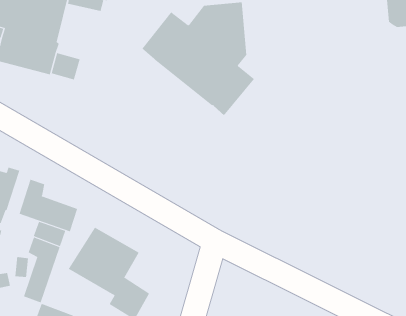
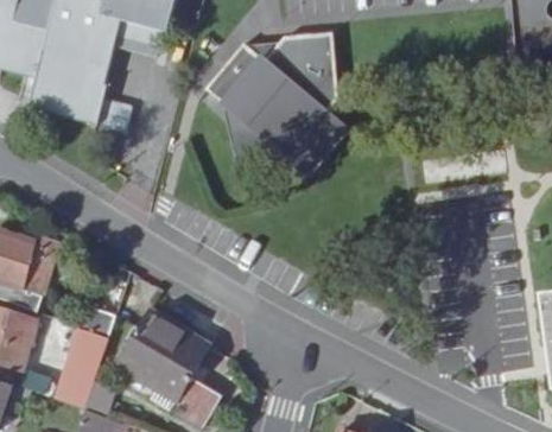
building: none -> [226,104,297,161]
building: [19,179,78,232] -> none

